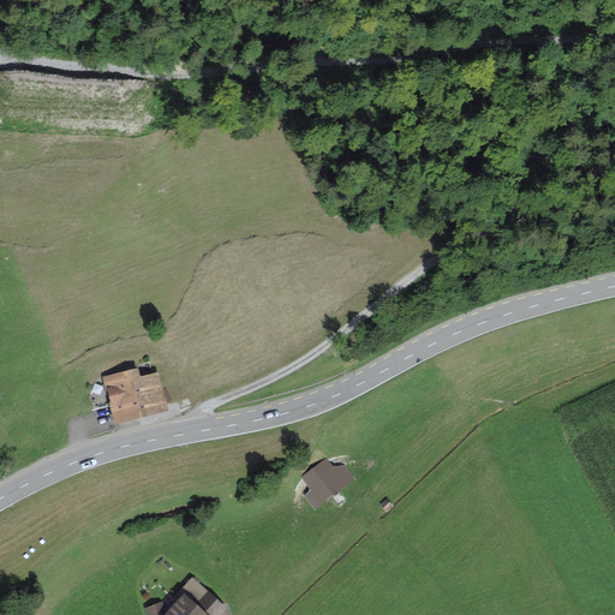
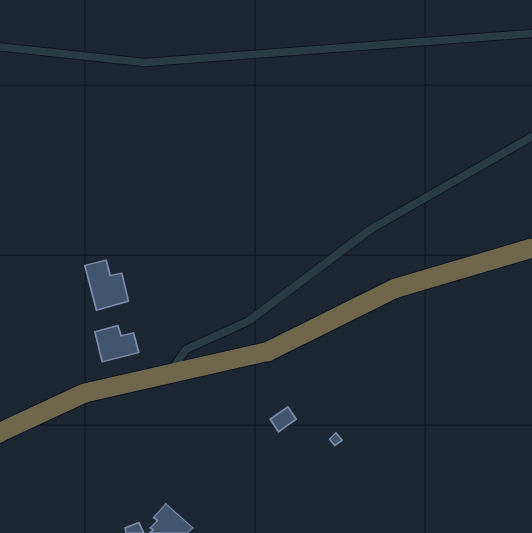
building: none -> [85,260,129,310]

